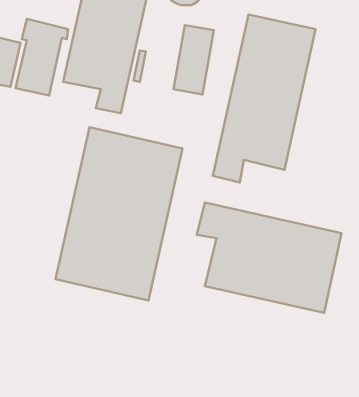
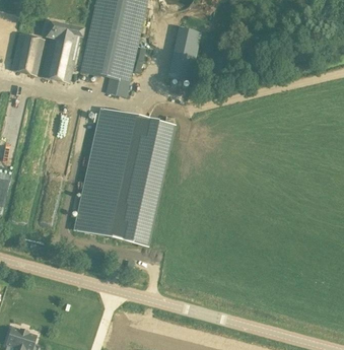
building: [213,15,315,183] -> none
building: [197,203,342,313] -> none

